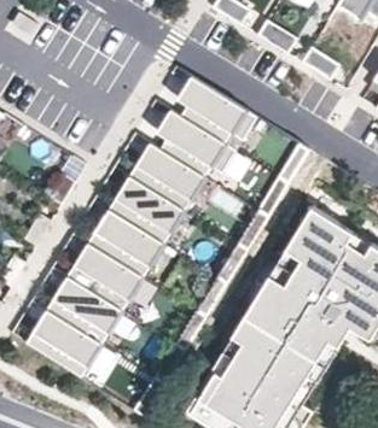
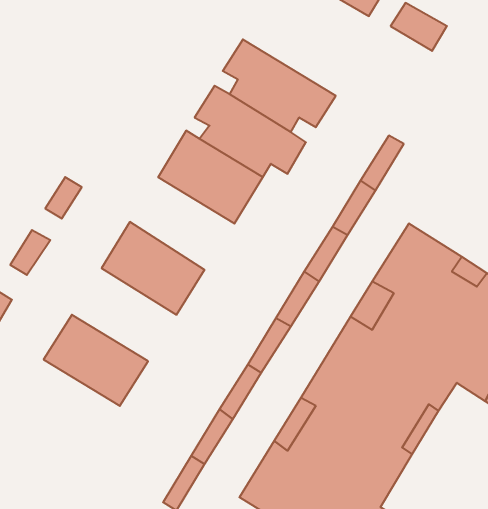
building: [111,174,187,241] -> none
building: [69,240,145,307] -> none
building: [28,306,104,374] -> none

